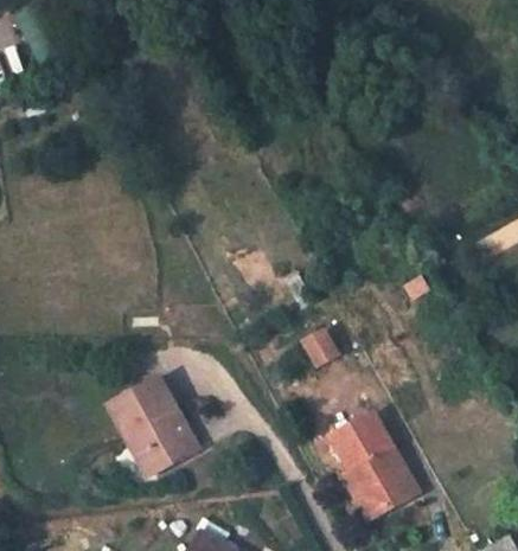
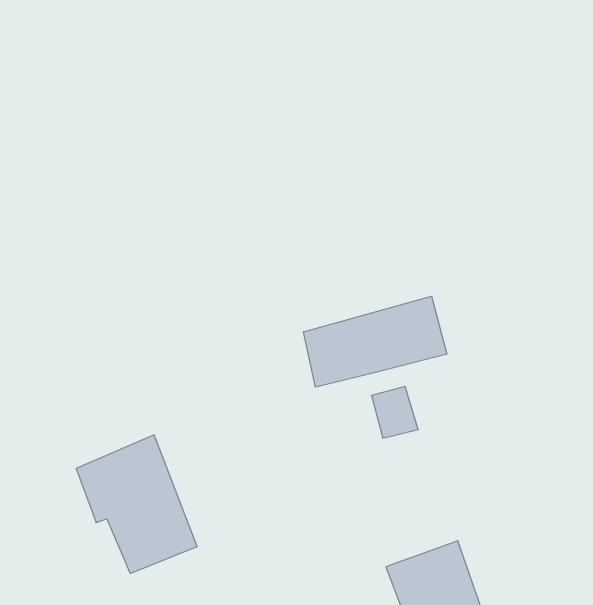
building: none -> [303,296,447,387]

